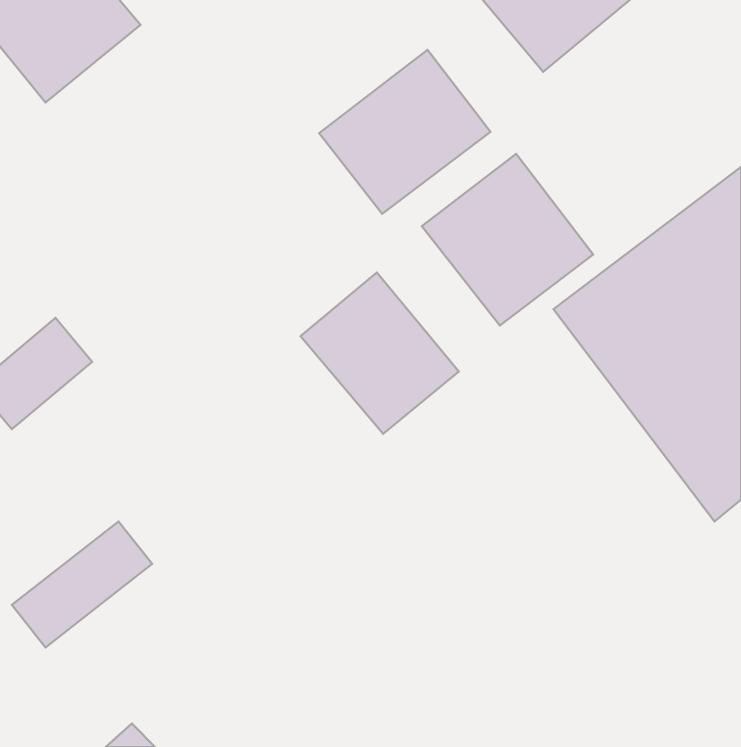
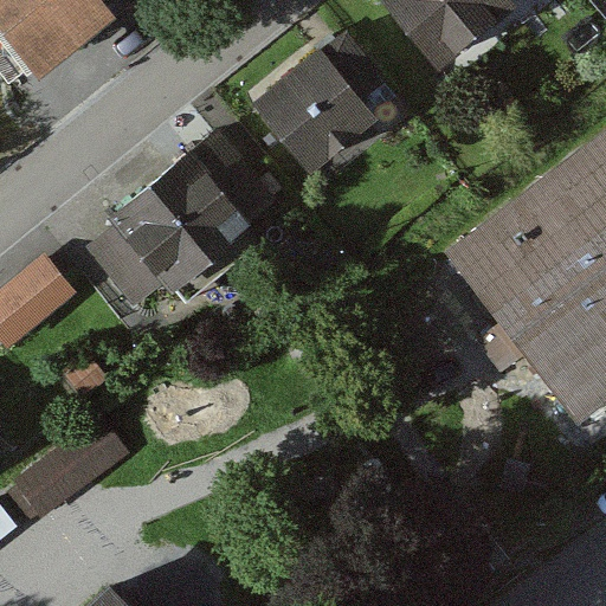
building: [422,154,593,325] -> none
building: none -> [90,135,269,302]
building: [301,273,459,434] -> none

